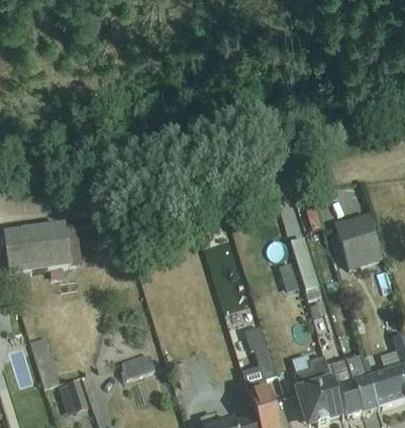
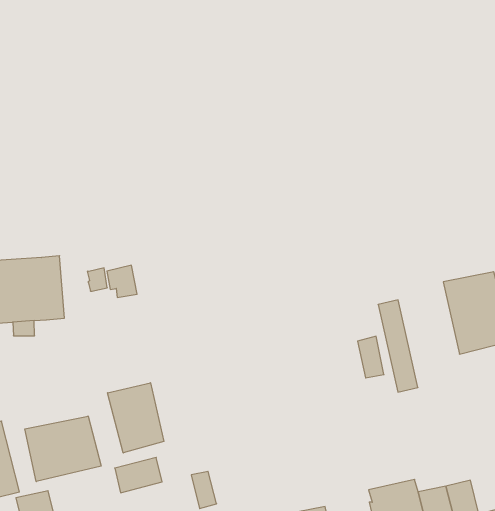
building: none -> [108,383,164,453]
building: [243,326,274,376] -> none
building: none -> [25,416,101,482]

